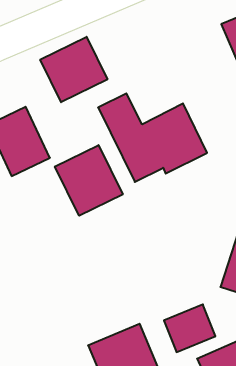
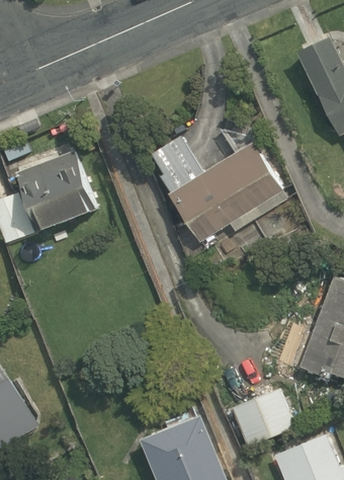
building: [40,37,107,102] -> none
building: [55,145,123,216] -> none

